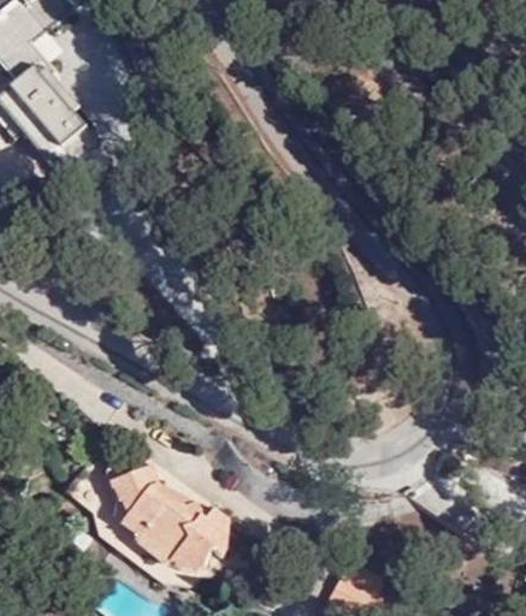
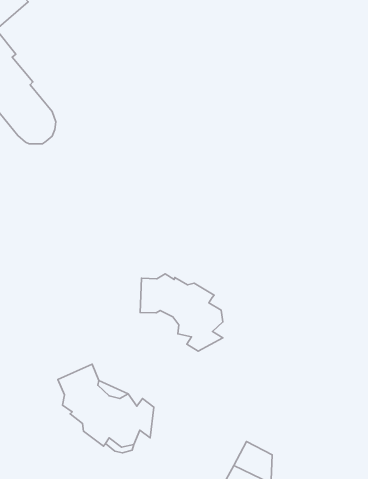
building: none -> [140,274,223,351]

